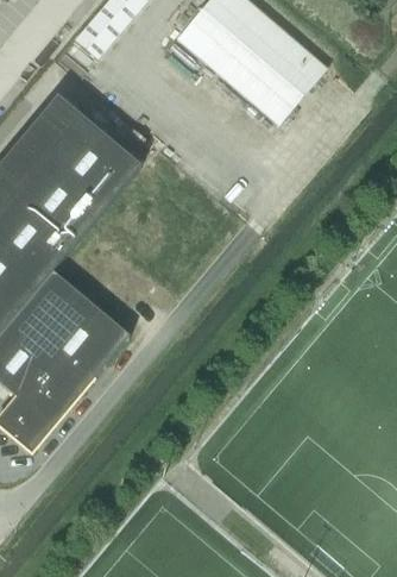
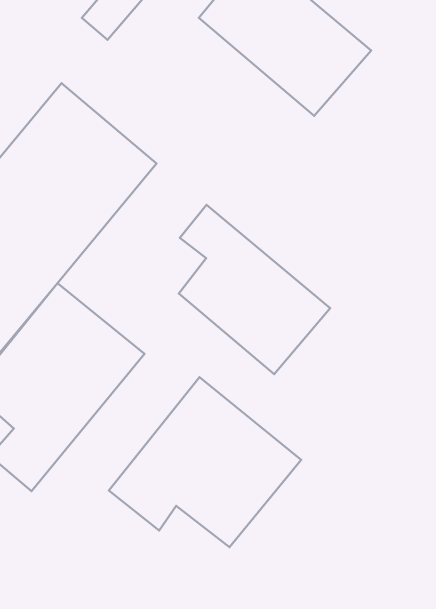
building: none -> [179,205,330,374]
building: none -> [109,377,301,547]

